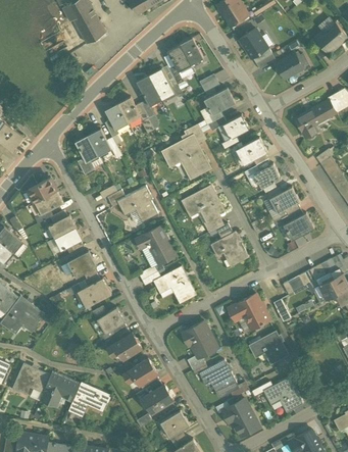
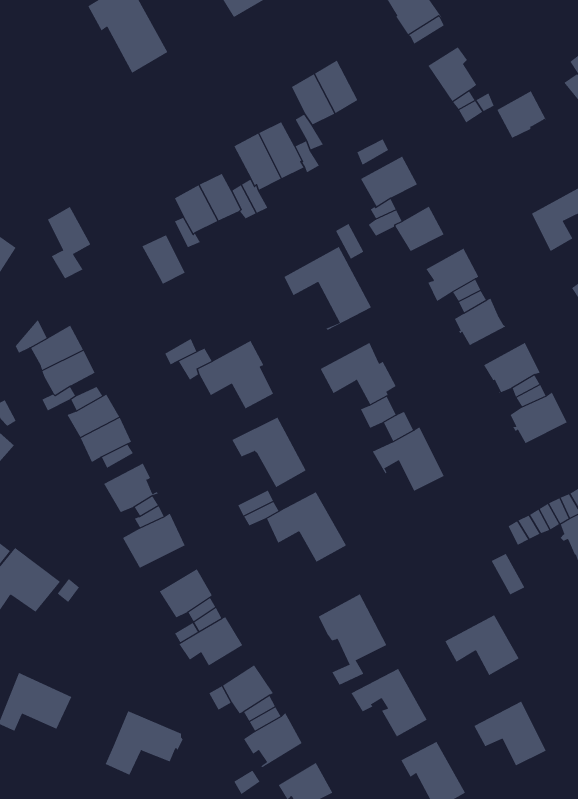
building: [76,136,99,174] -> [47,206,91,279]
building: [229,294,270,330] -> none
building: [42,372,80,402] -> none

